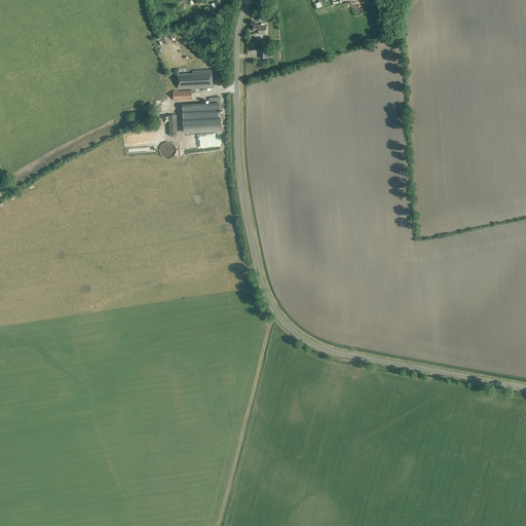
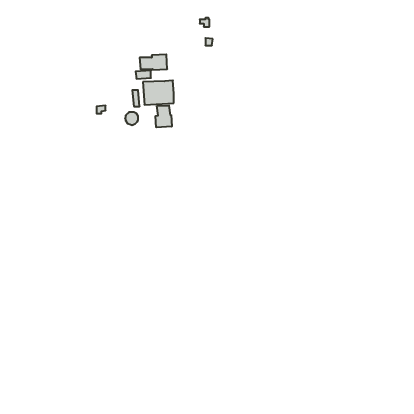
building: none -> [156,105,172,127]

